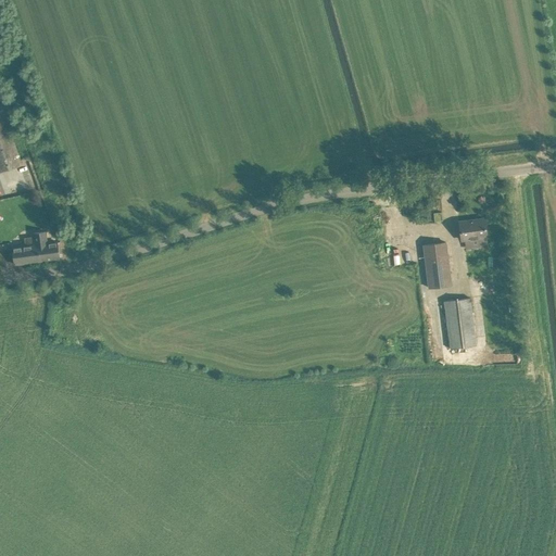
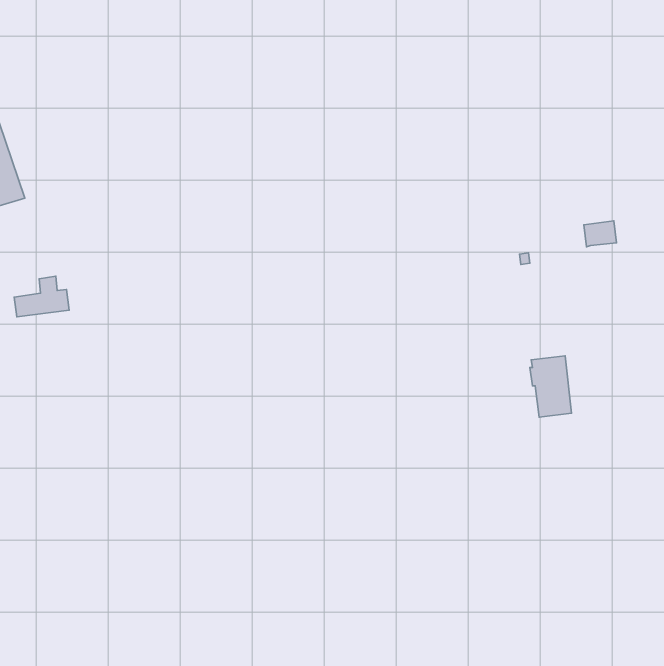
building: [458,218,485,240] -> [584,221,617,247]
building: [422,242,450,288] -> none

